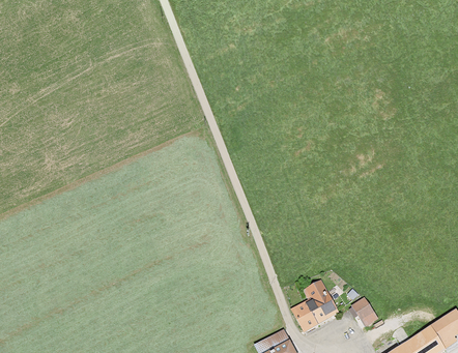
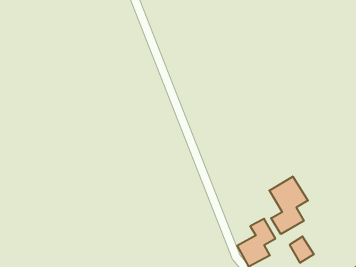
building: none -> [269,176,308,234]

